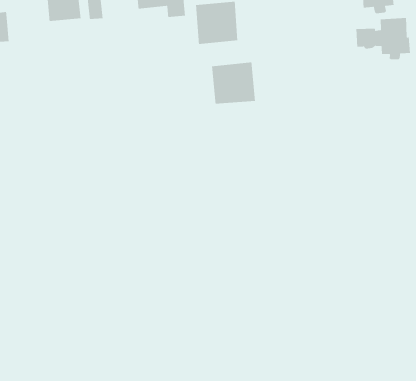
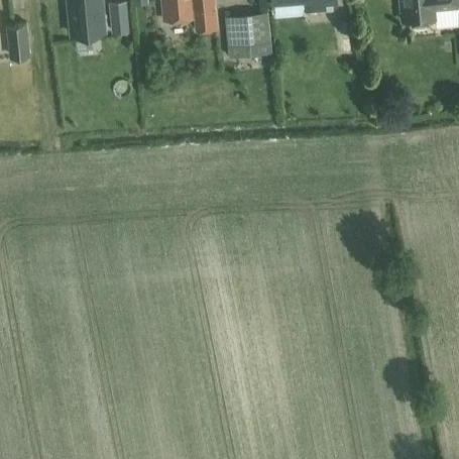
building: [356,17,411,60] -> none
building: [211,62,256,104] -> none

